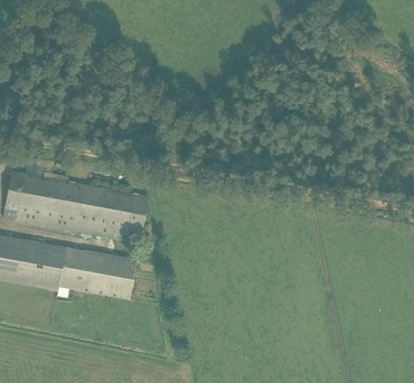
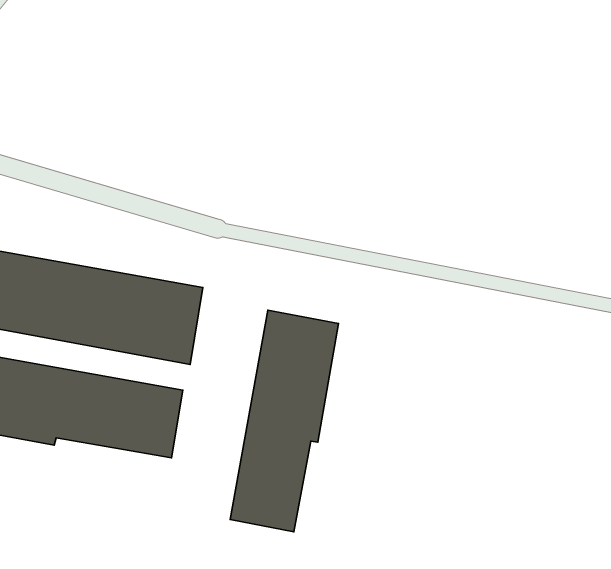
building: none -> [230,310,339,532]

